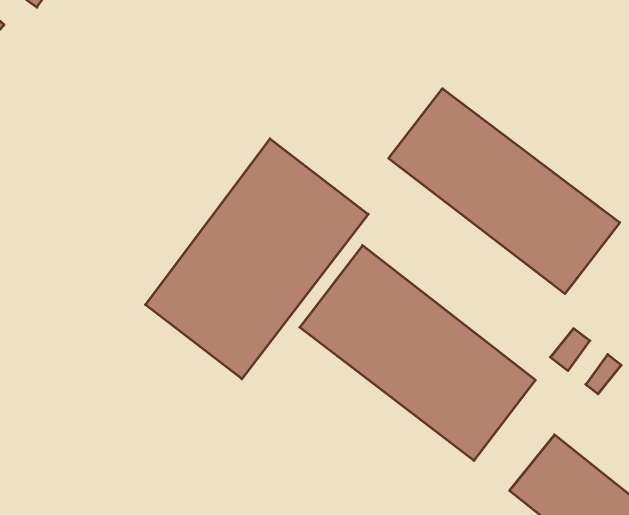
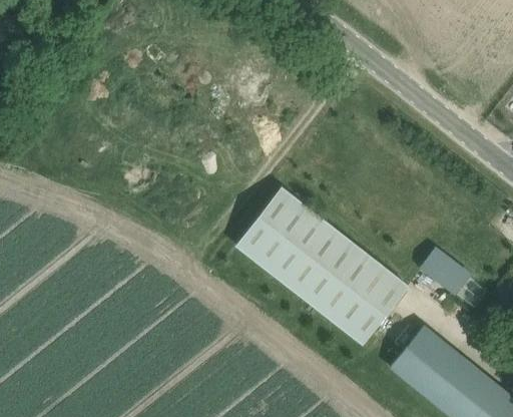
building: [389,89,620,294] -> none
building: [145,139,368,379] -> none

